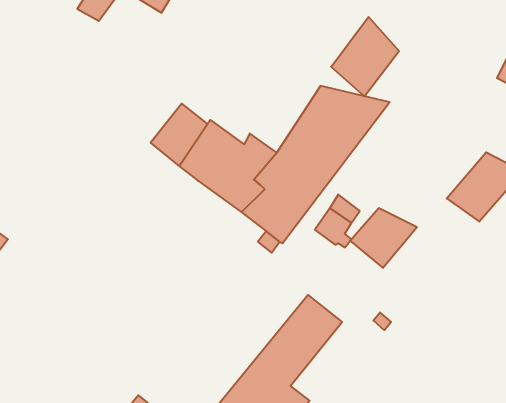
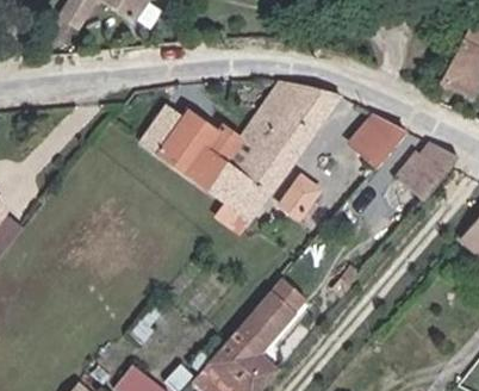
building: [331,17,399,96] -> none
building: [350,208,417,268] -> [350,114,409,167]

